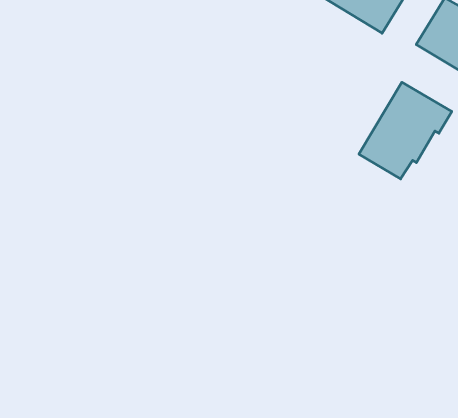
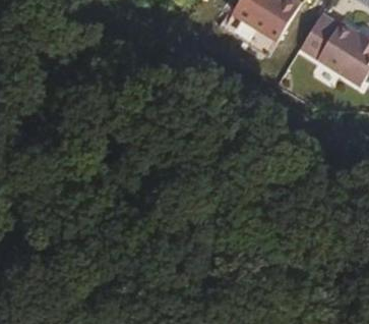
building: [359,82,452,179] -> none

